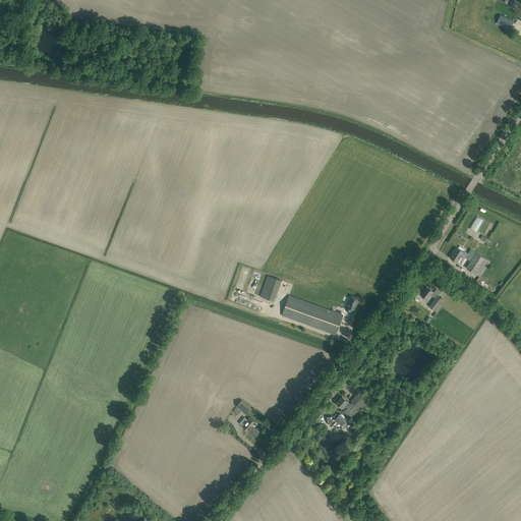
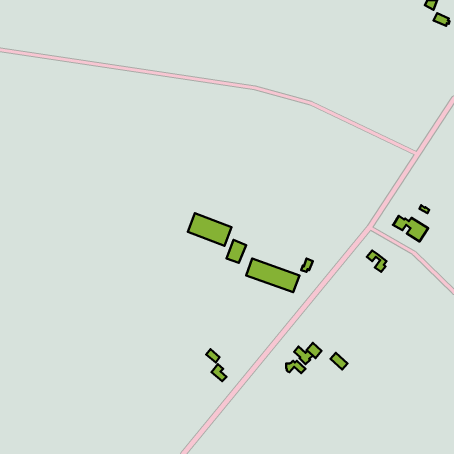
building: none -> [188,213,231,246]

